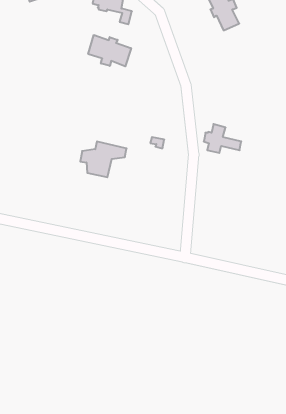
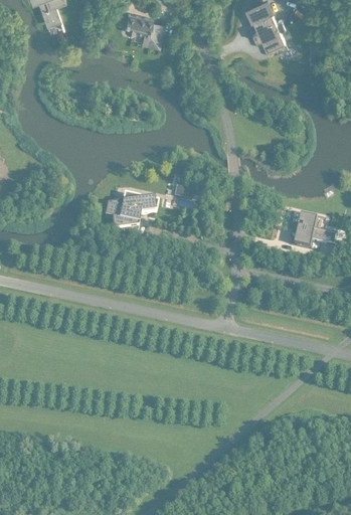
building: [88,35,131,66] -> none
building: [204,124,241,153] -> [293,210,336,243]

